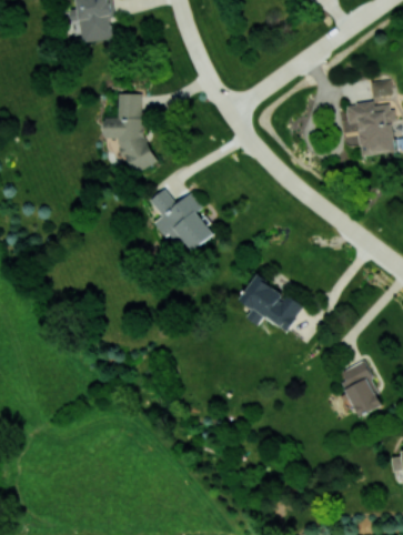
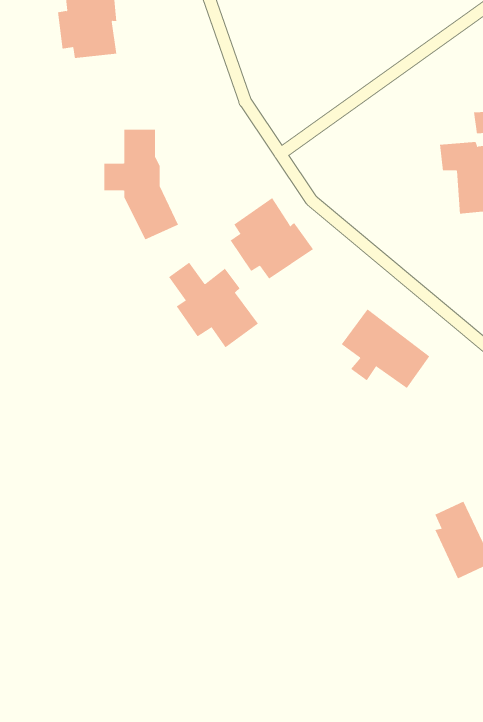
building: none -> [230,197,314,280]
building: [239,274,303,332] -> [341,309,430,389]

